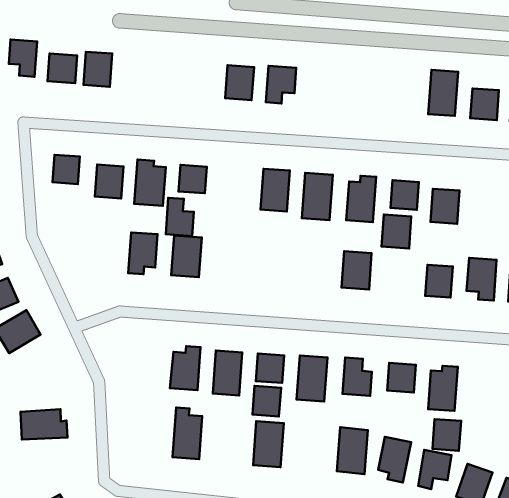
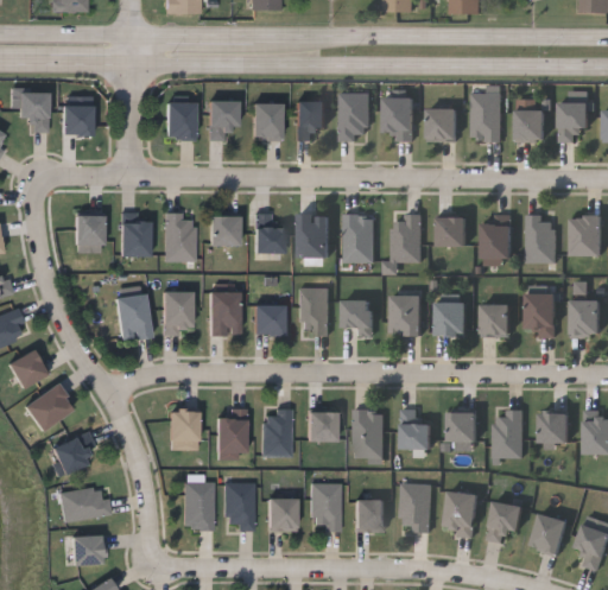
building: [83,52,112,87] -> [165,103,194,139]
building: none -> [209,101,239,140]
building: none -> [340,94,369,139]
building: none -> [384,99,412,139]
building: none -> [429,108,457,141]
building: none -> [526,215,556,262]
building: [166,198,194,236] -> [255,212,284,252]
building: [381,214,411,248] -> [437,300,467,335]
building: none -> [115,293,150,340]
building: none -> [299,287,328,335]
building: none -> [254,304,284,334]
building: none -> [343,299,373,336]
building: none -> [170,408,197,449]
building: none -> [52,431,95,474]
building: [252,386,281,416] -> [268,499,297,529]
building: none -> [184,480,213,529]
building: [432,419,461,451] -> [540,411,569,443]
building: none -> [356,499,384,531]
building: none -> [71,534,103,565]

